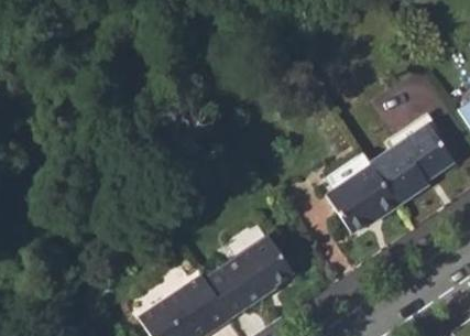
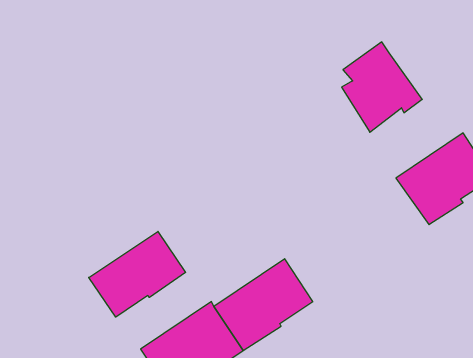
building: [326,152,398,234] -> [342,42,422,132]
building: none -> [89,231,186,317]

